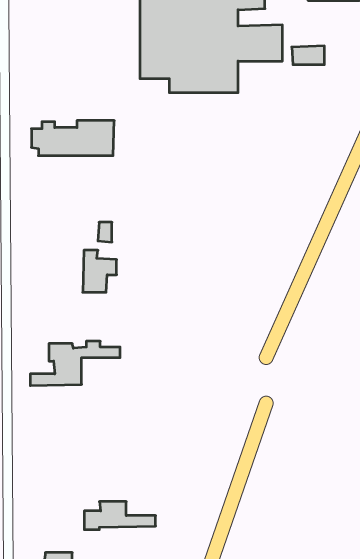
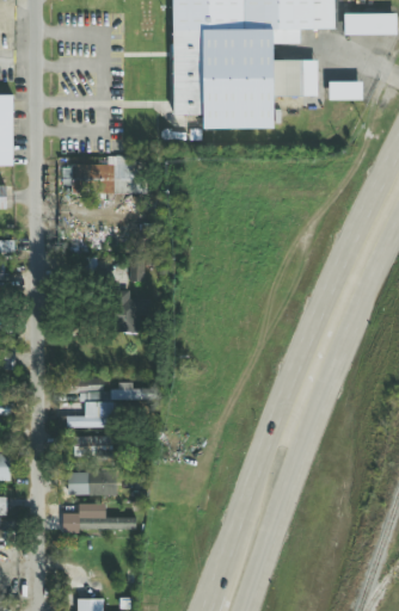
building: none -> [73,436,111,458]
building: none -> [73,474,116,496]
building: [84,502,156,530] -> [62,504,135,532]

